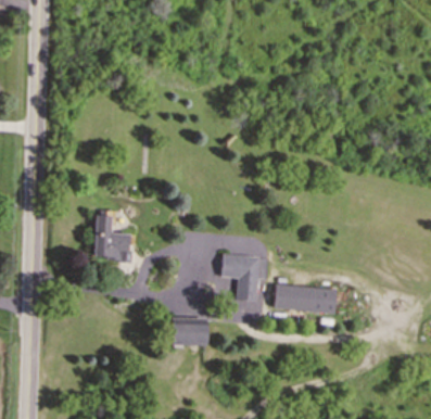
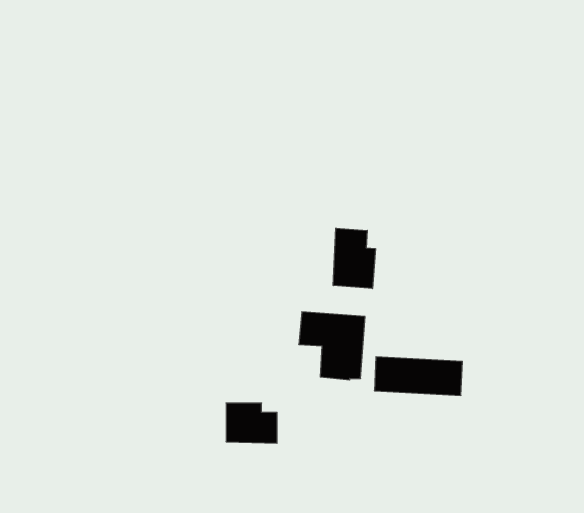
building: none -> [333,228,375,289]
building: [94,215,131,261] -> none

